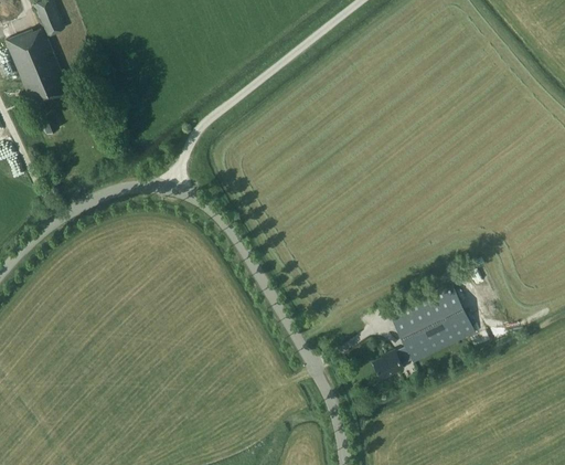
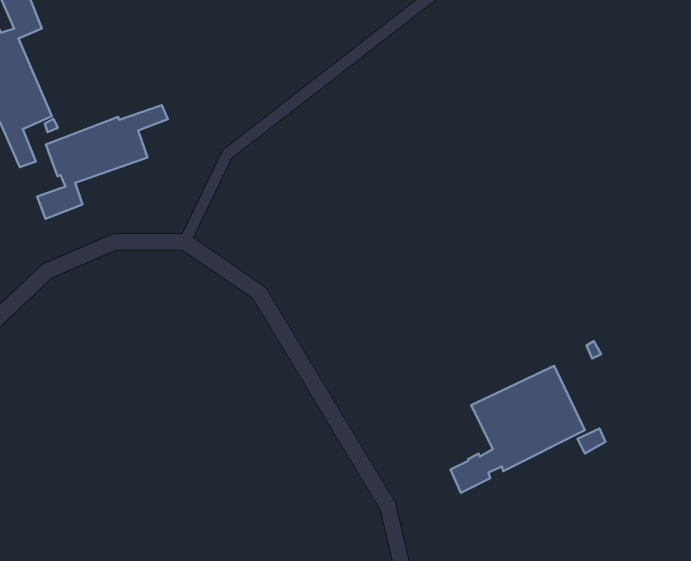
building: none -> [37,105,168,219]

